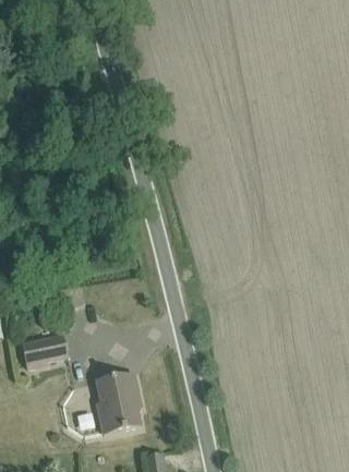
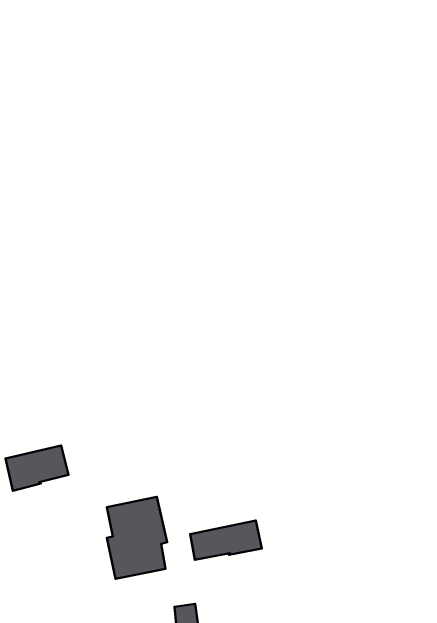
building: none -> [190,521,262,560]

